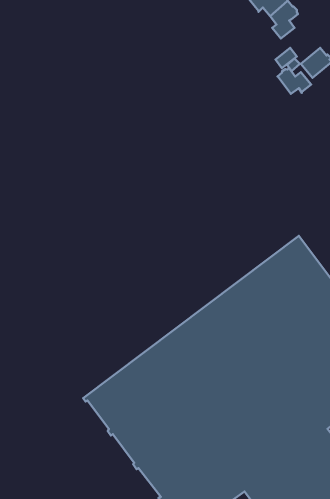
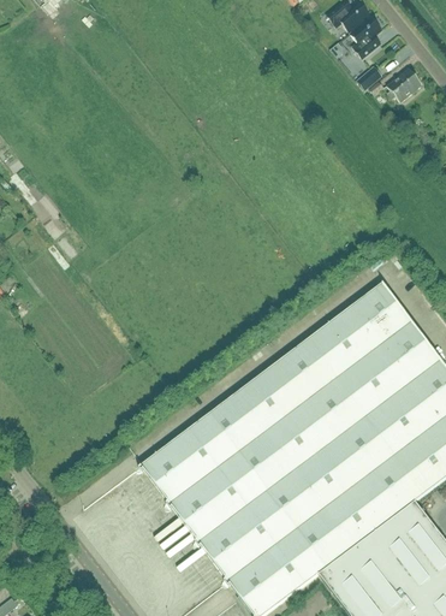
building: [277,68,311,94] -> none

